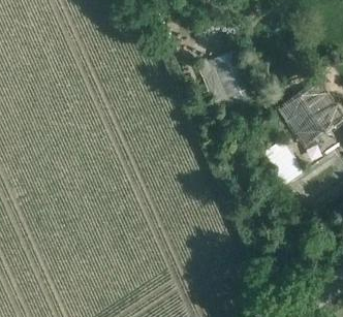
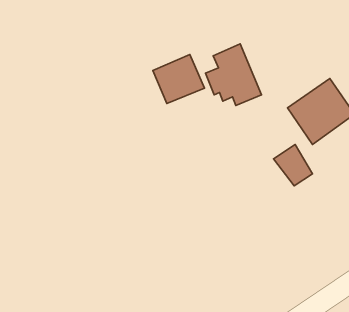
building: none -> [153,55,205,104]

